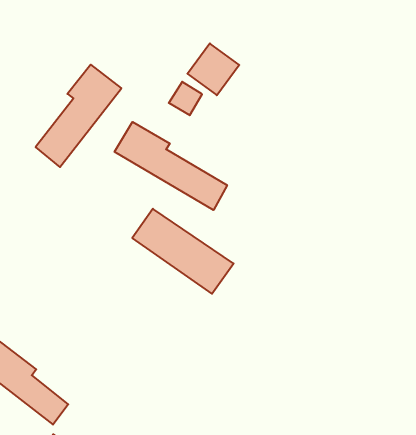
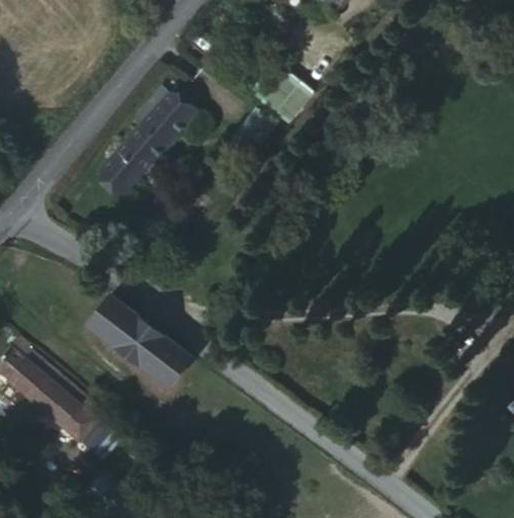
building: [115,122,227,210] -> none
building: [132,209,234,294] -> [88,296,192,388]

